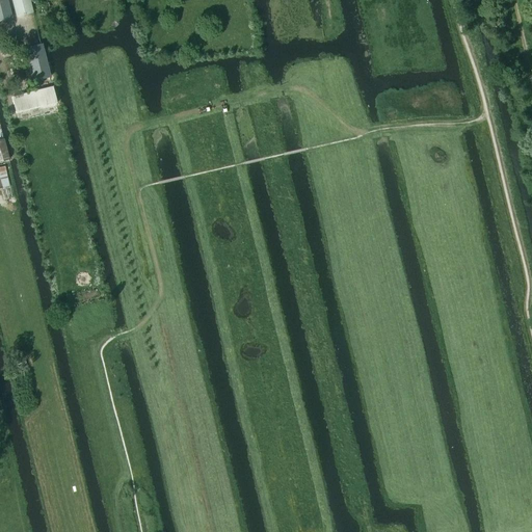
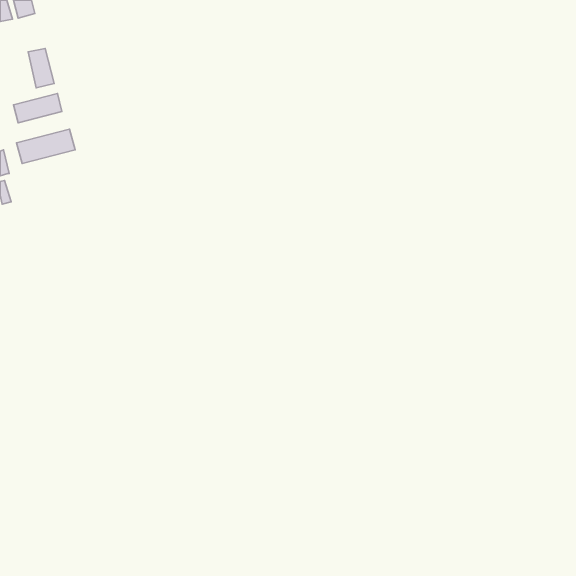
building: none -> [17,129,75,163]

